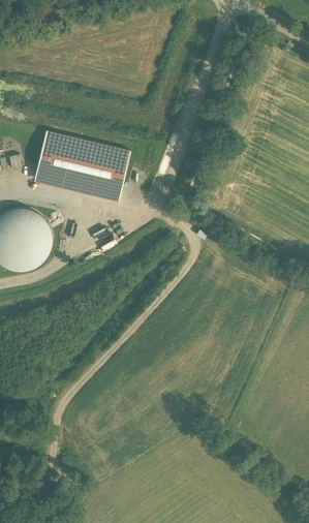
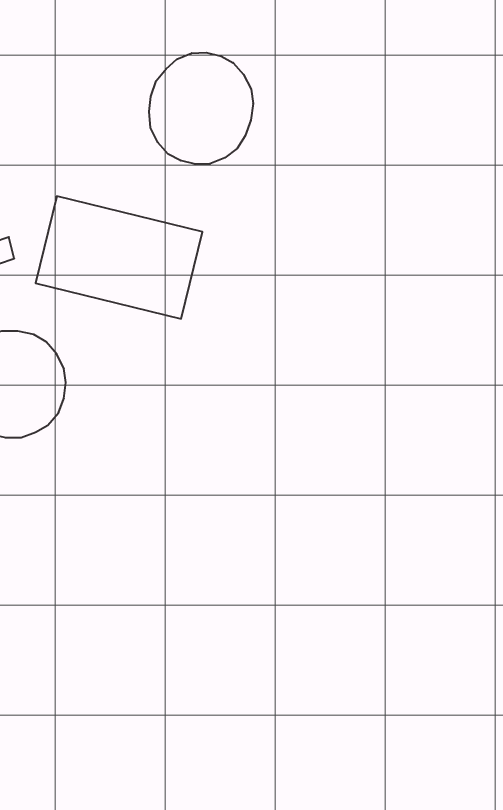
building: none -> [149,53,253,164]

